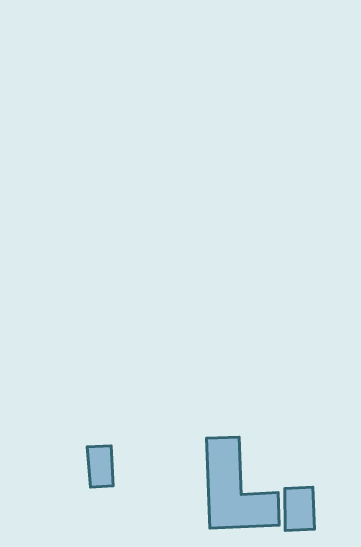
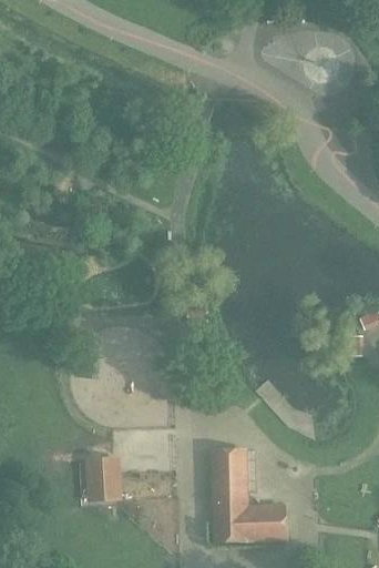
building: [285,487,315,531] -> none

